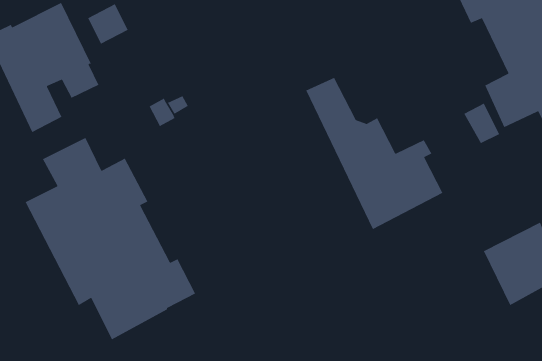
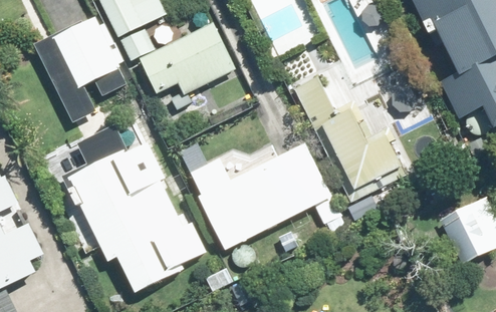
building: none -> [139,22,237,94]
building: none -> [191,142,342,251]

